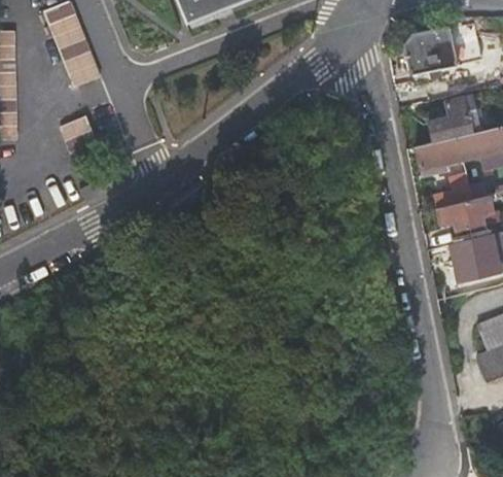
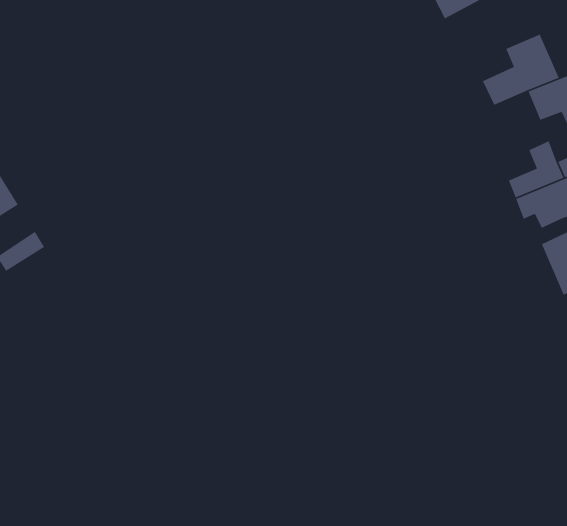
building: [421,135,467,176] -> none

